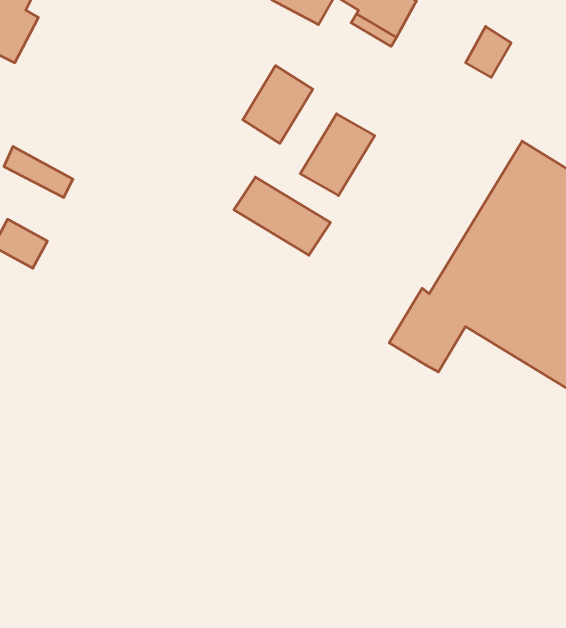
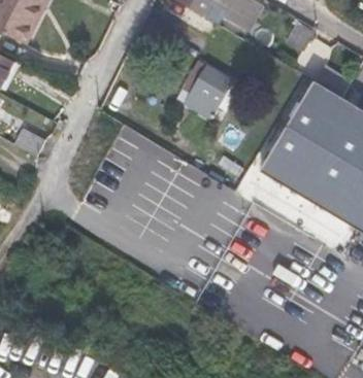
building: [243,66,313,143] -> none
building: [234,177,330,255] -> none

